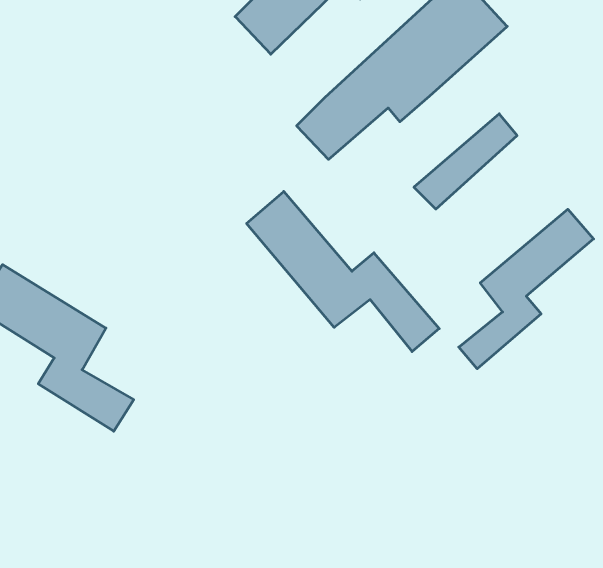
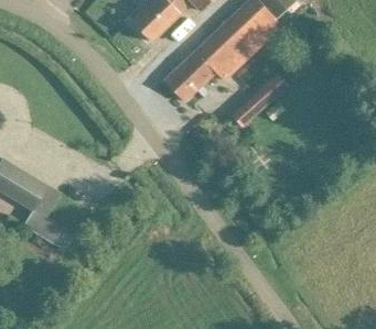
building: [247,191,439,352] -> none
building: [459,209,594,369] -> none

